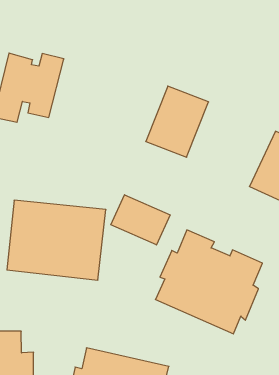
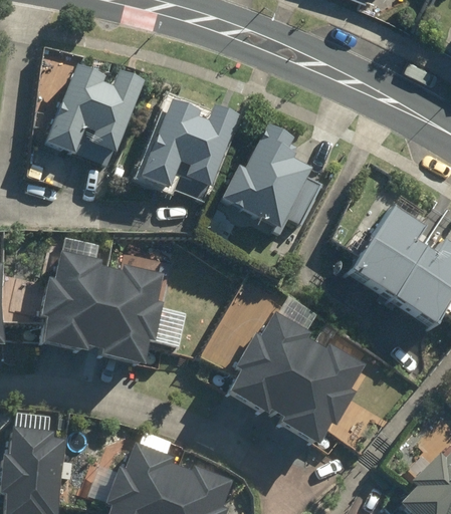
building: none -> [145,99,235,198]
building: [111,195,170,245] -> none

